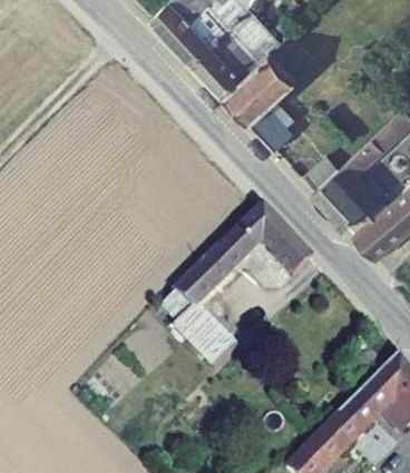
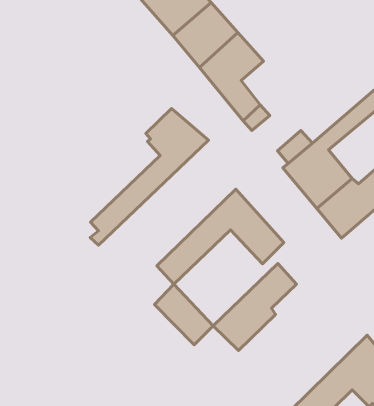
building: none -> [90,109,208,245]
building: none -> [213,264,296,351]

